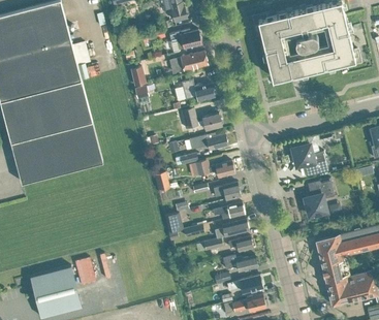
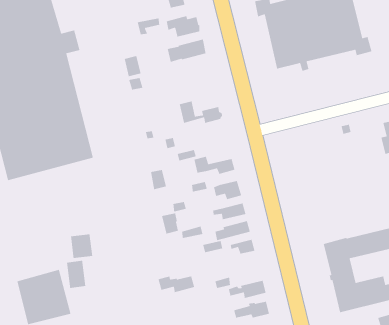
building: [177,85,215,101] -> none
building: [189,133,228,151] -> none
building: [291,145,328,175] -> none
building: [304,179,335,217] -> none
building: none -> [70,233,93,259]
building: [223,256,258,273] -> [158,275,195,293]

